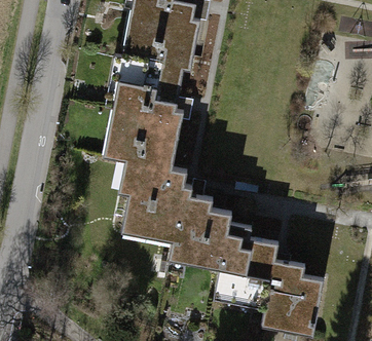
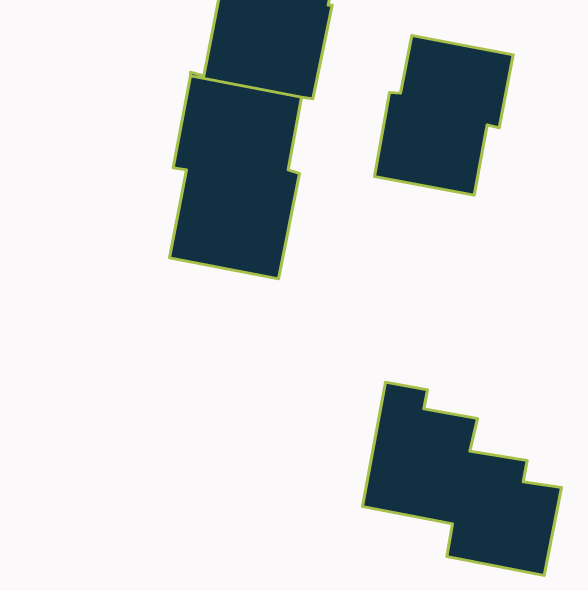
building: none -> [374,36,513,195]
building: [111,157,229,291] -> none

